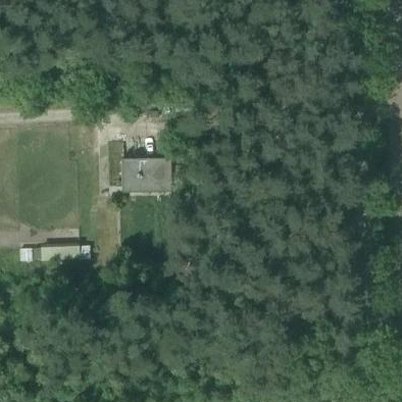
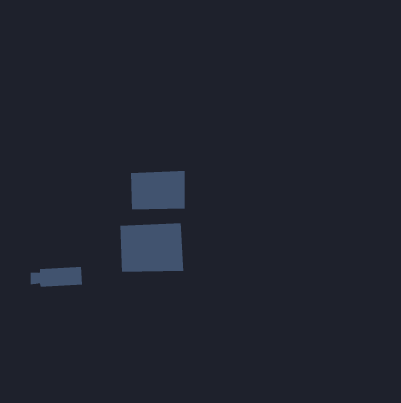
building: none -> [120,223,184,273]

